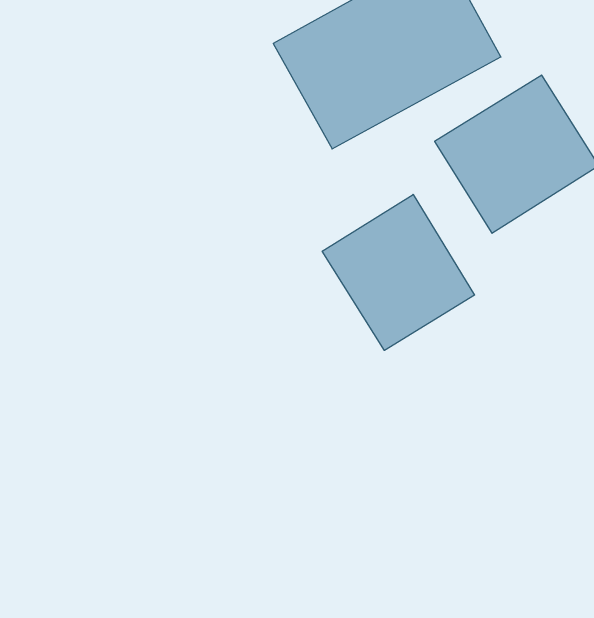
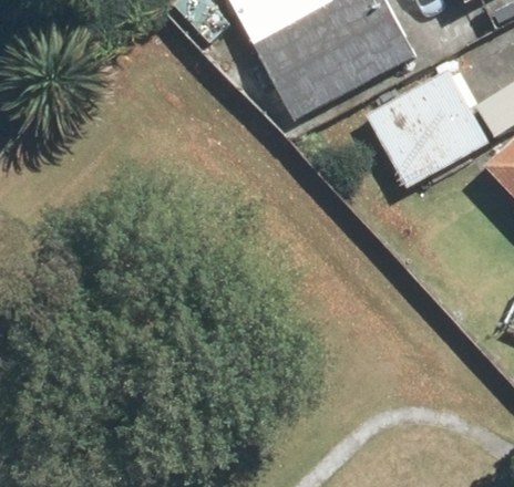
building: [322,194,475,350] -> none

